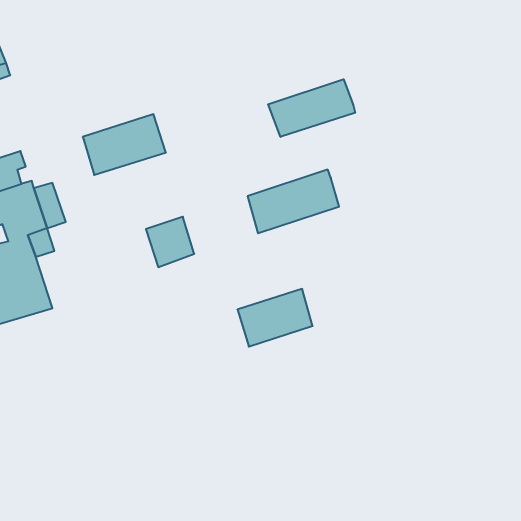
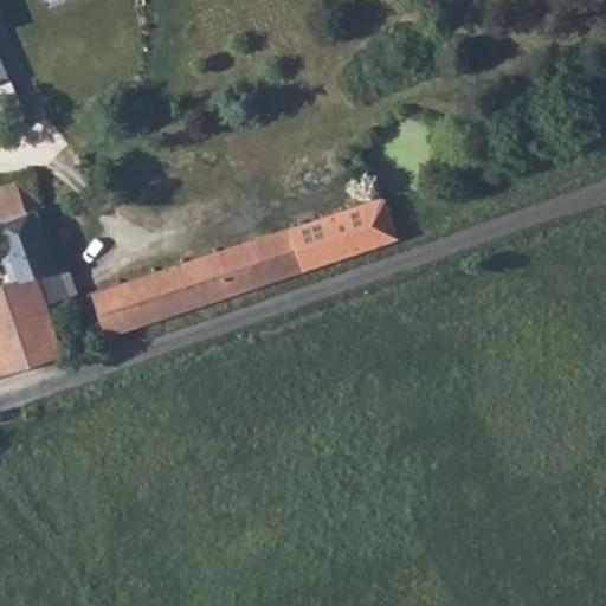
building: [268,79,355,137] -> none
building: [83,114,166,175] -> [86,269,182,339]
building: [237,289,313,347] -> [211,231,297,297]

